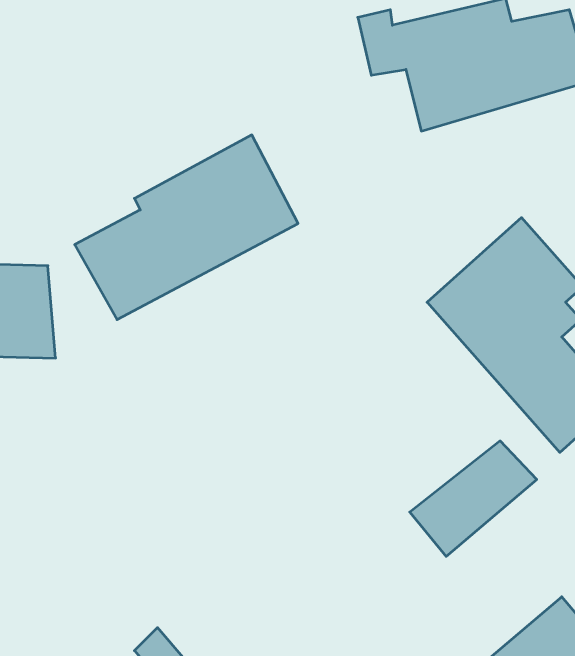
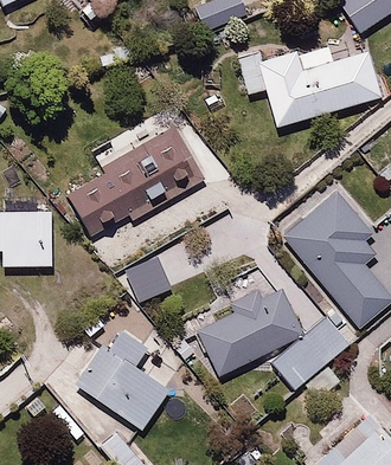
building: none -> [124,257,169,302]
building: none -> [198,289,300,375]
building: none -> [75,323,172,434]

